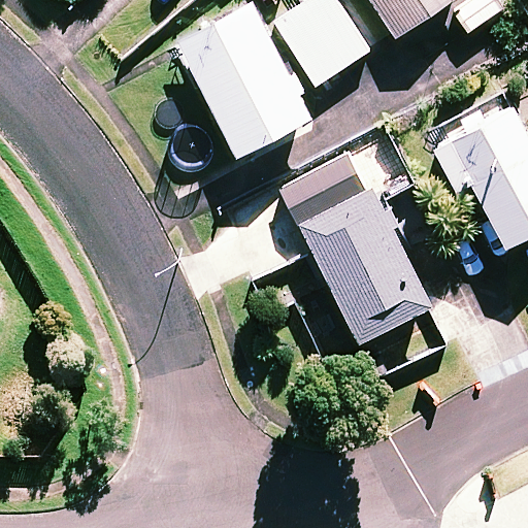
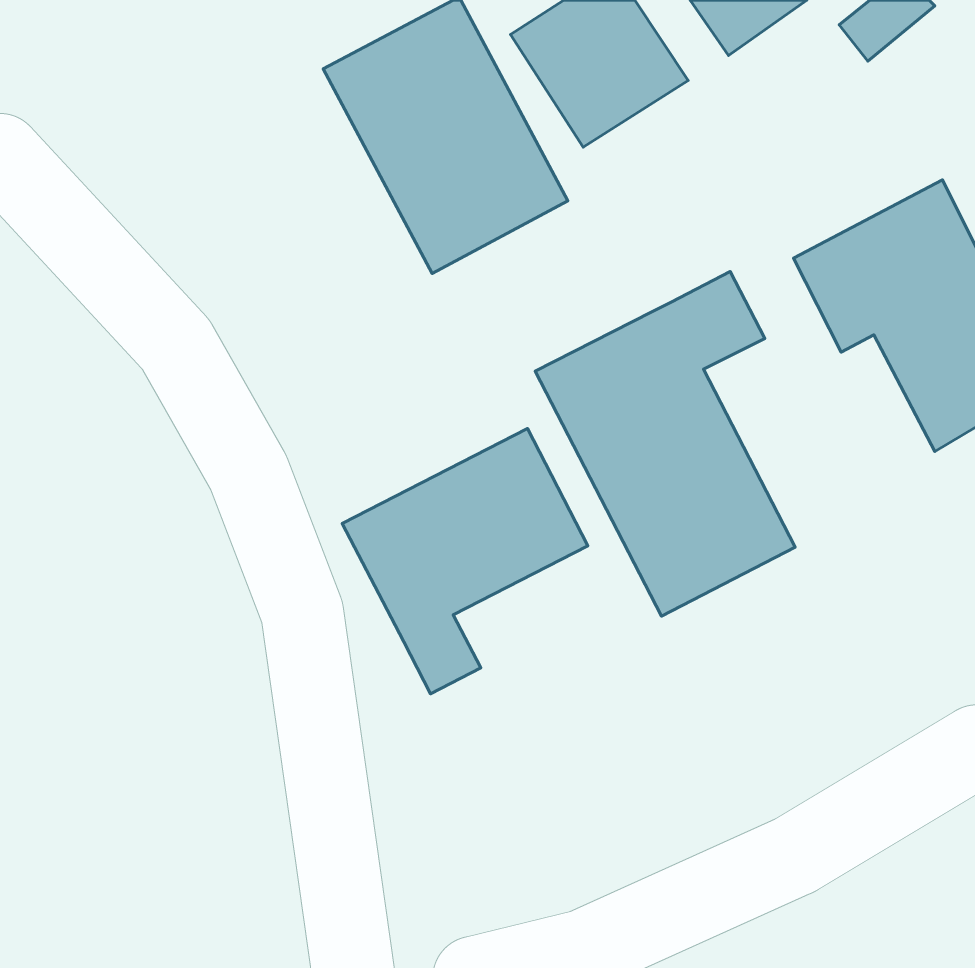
building: none -> [342,429,588,694]

